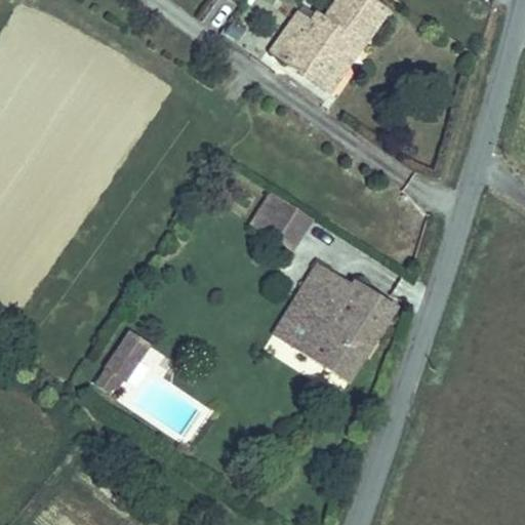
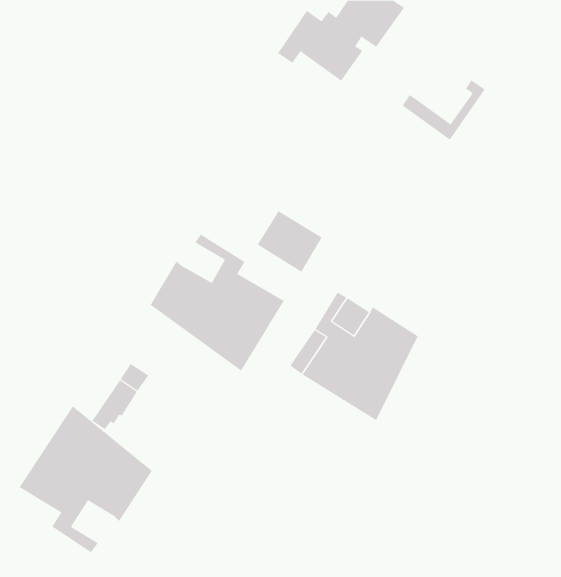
building: [281,35,357,90] -> [402,79,485,141]
building: none -> [150,234,284,372]
building: none -> [19,406,152,553]

